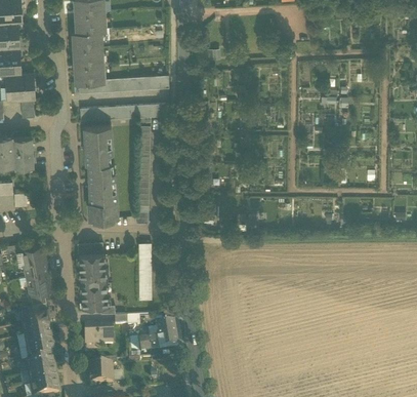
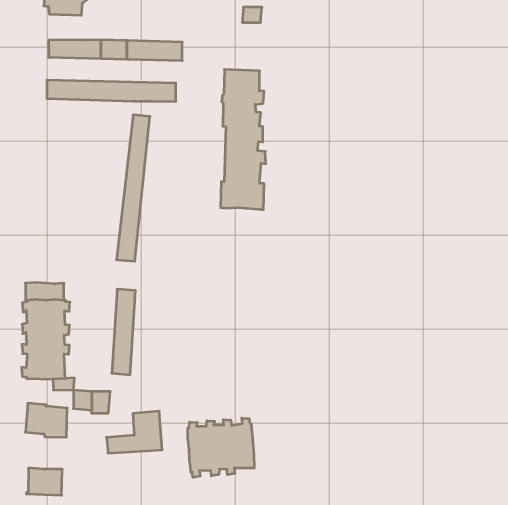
building: [75,63,103,82] -> none
building: [84,126,118,220] -> [221,69,266,210]
building: none -> [188,418,254,477]

